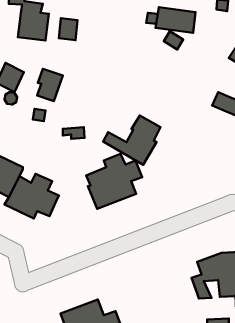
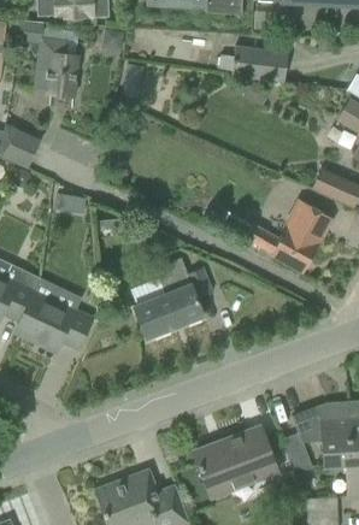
building: [59,18,77,40] -> none
building: [103,116,161,165] -> [247,200,330,271]
building: none -> [195,427,278,496]

